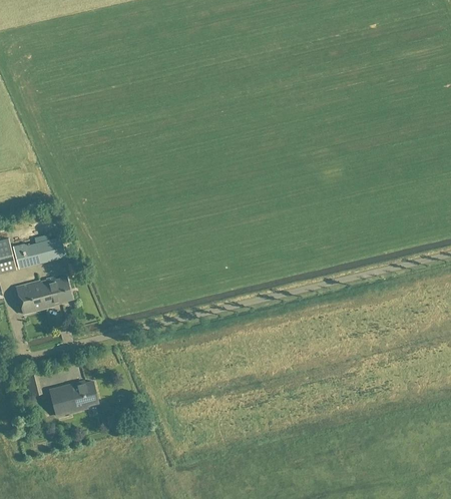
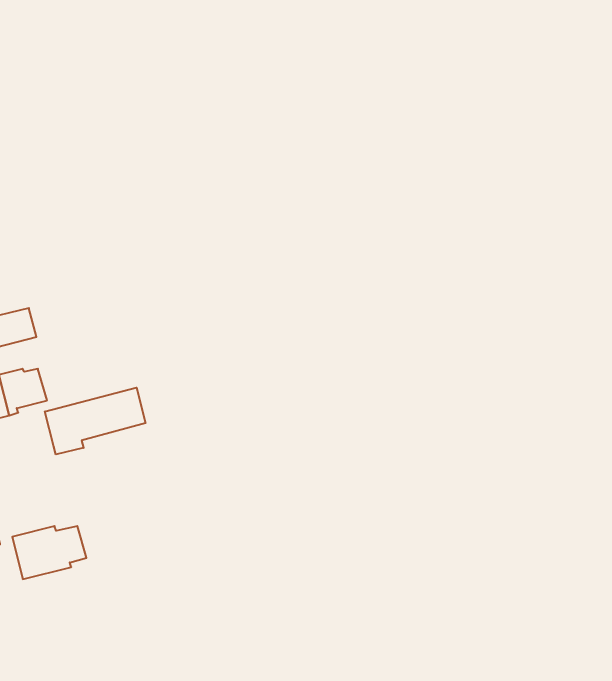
building: none -> [45,388,146,454]

